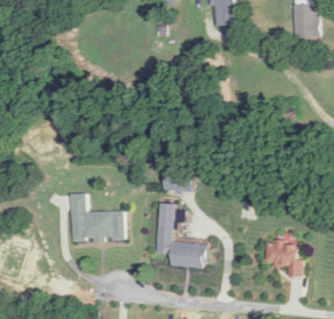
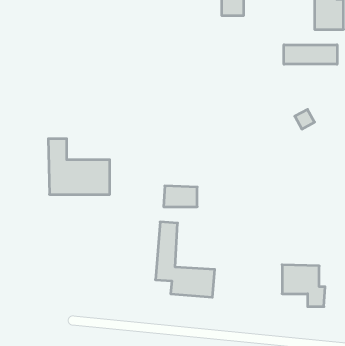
building: none -> [284,45,337,64]
building: [71,193,124,241] -> [48,139,110,194]

